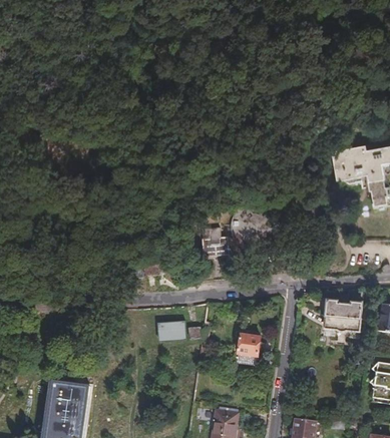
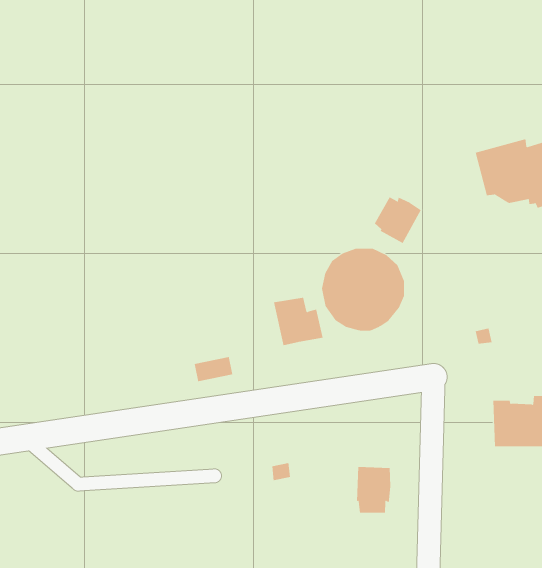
building: none -> [374,197,422,244]
building: [155,321,184,343] -> none

